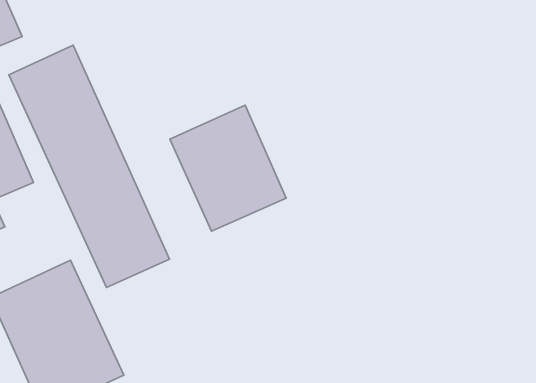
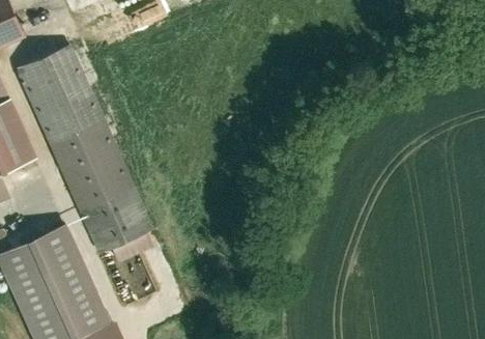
building: [170,105,286,231] -> none

